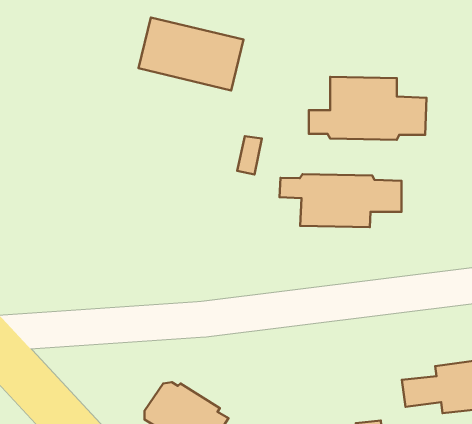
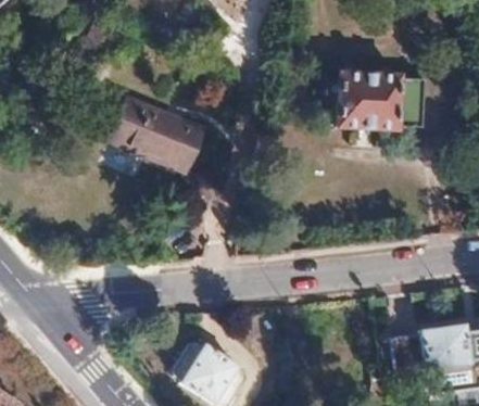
building: [138,17,244,90] -> [111,94,203,158]
building: [280,174,402,227] -> none

